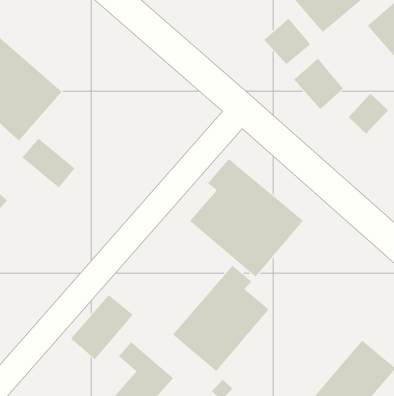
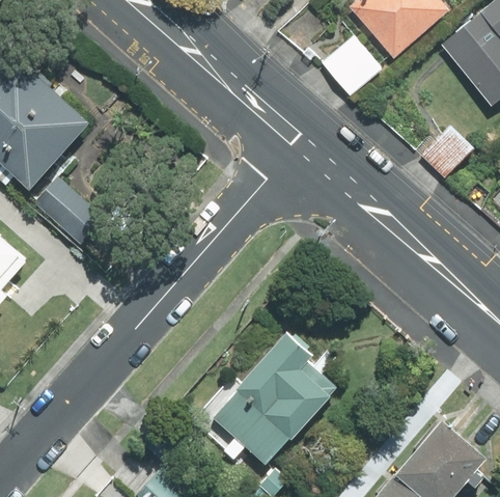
building: [293,58,344,110] -> none
building: [189,158,304,277] -> none
building: [70,294,133,360] -> none

